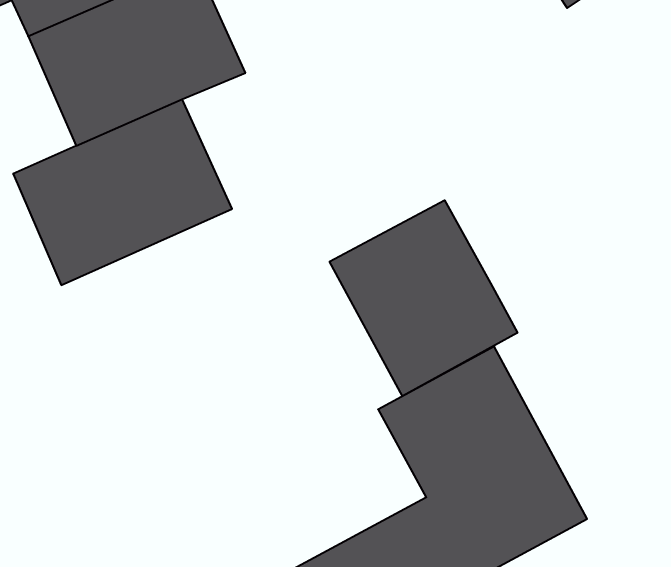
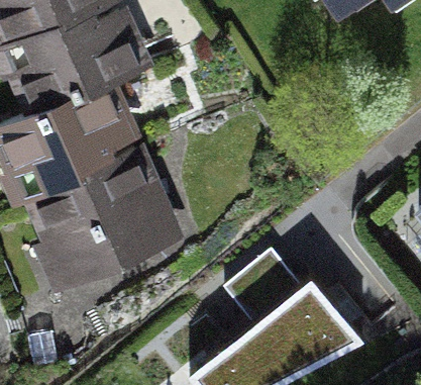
building: [330,200,517,396] -> none
building: none -> [38,156,176,278]

